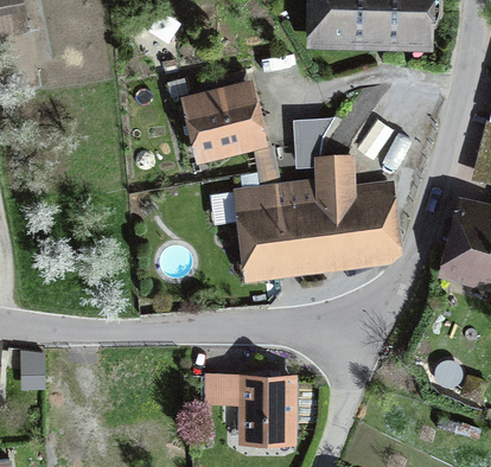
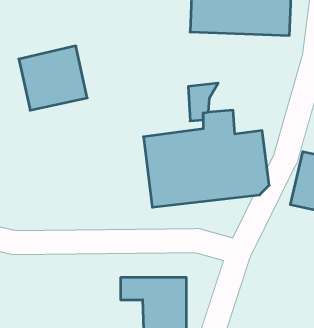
building: [174,79,267,166] -> [19,46,87,110]

